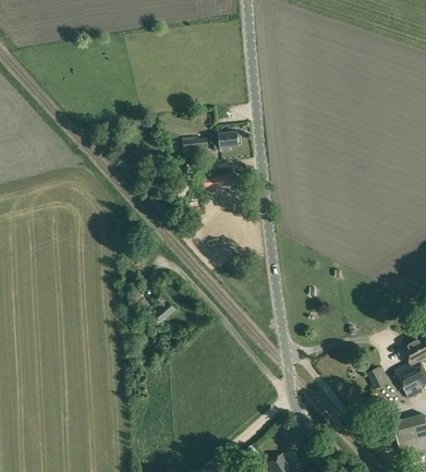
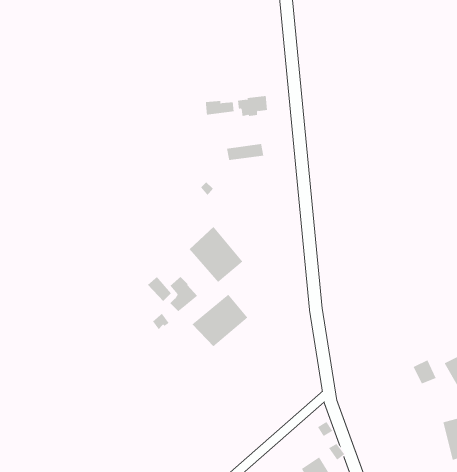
building: none -> [189,226,243,283]
building: none -> [192,294,248,347]

